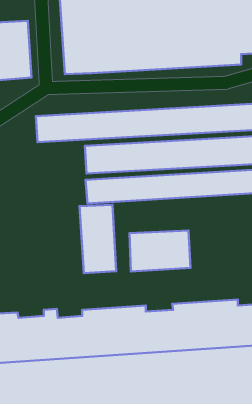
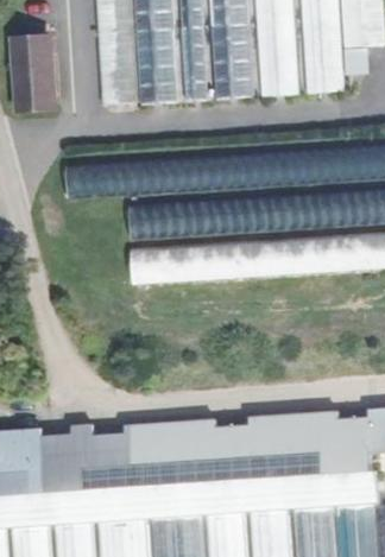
building: [79,205,116,273] -> none
building: [130,230,190,272] -> none

